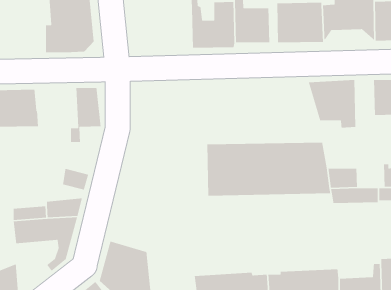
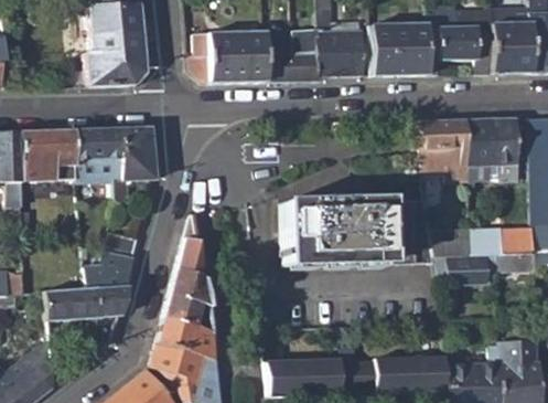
building: none -> [190,32,267,84]
building: none -> [468,119,492,185]
building: none -> [74,129,126,181]
building: none -> [165,218,212,331]

